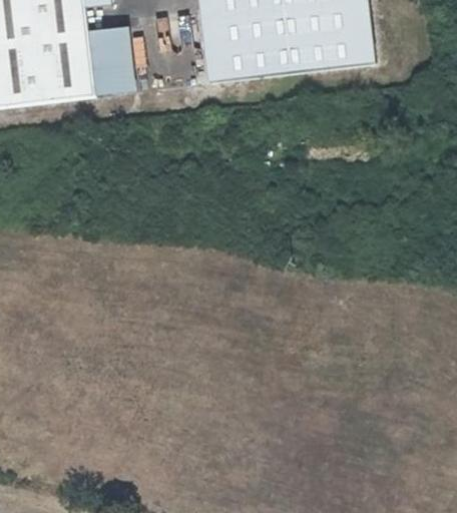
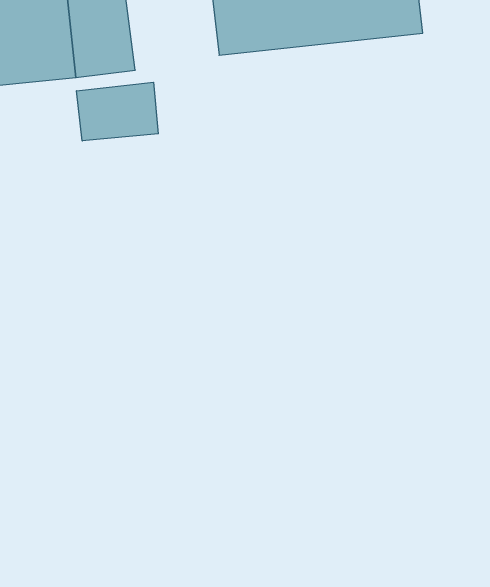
building: none -> [77,82,158,141]

